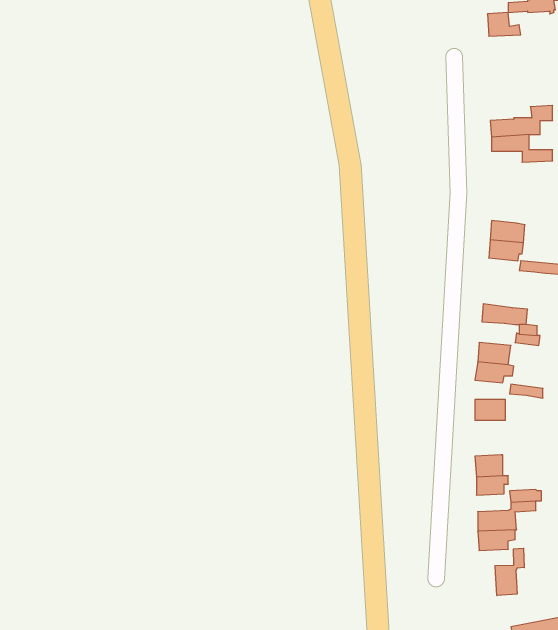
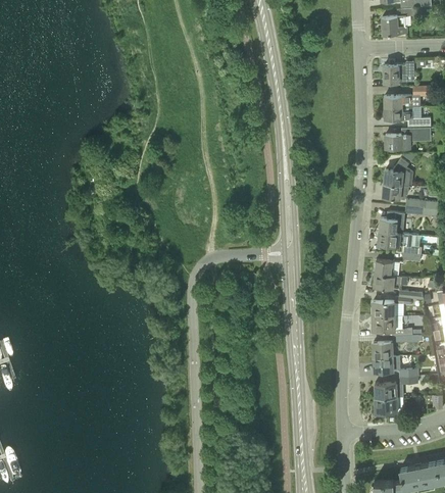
building: none -> [384,62,413,82]
building: none -> [385,128,410,149]
building: none -> [379,211,403,234]
building: none -> [373,316,412,336]
building: [495,548,524,596] -> none

